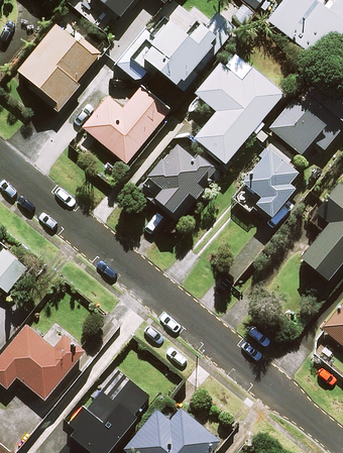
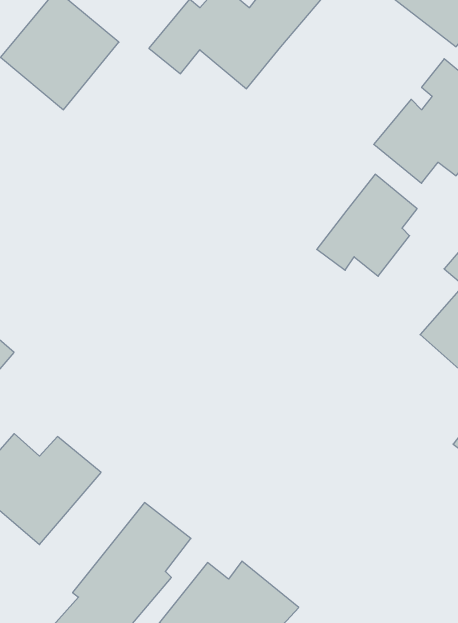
building: [195,50,282,163] -> none
building: [84,89,168,162] -> none
building: [140,143,220,219] -> none

